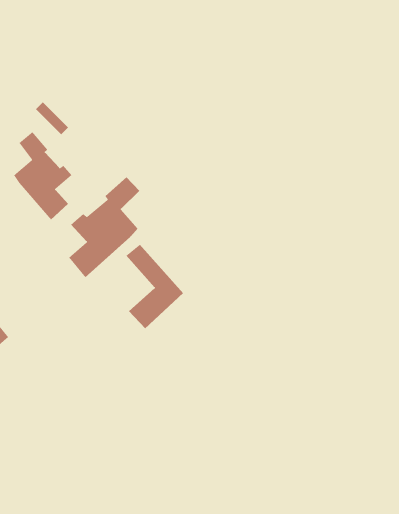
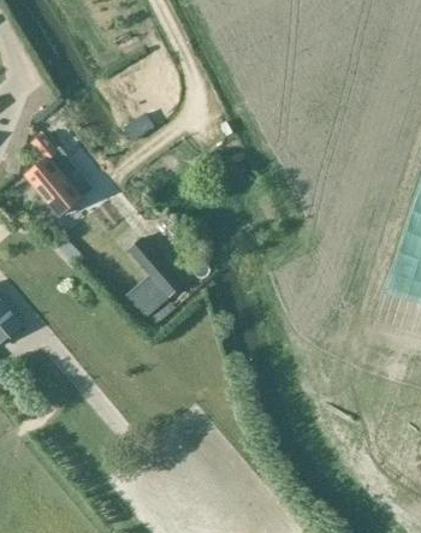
building: [68,176,140,278] -> none

